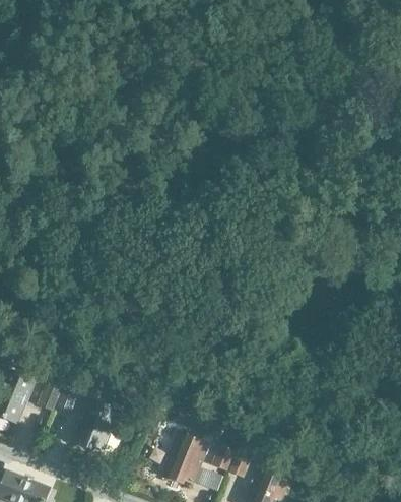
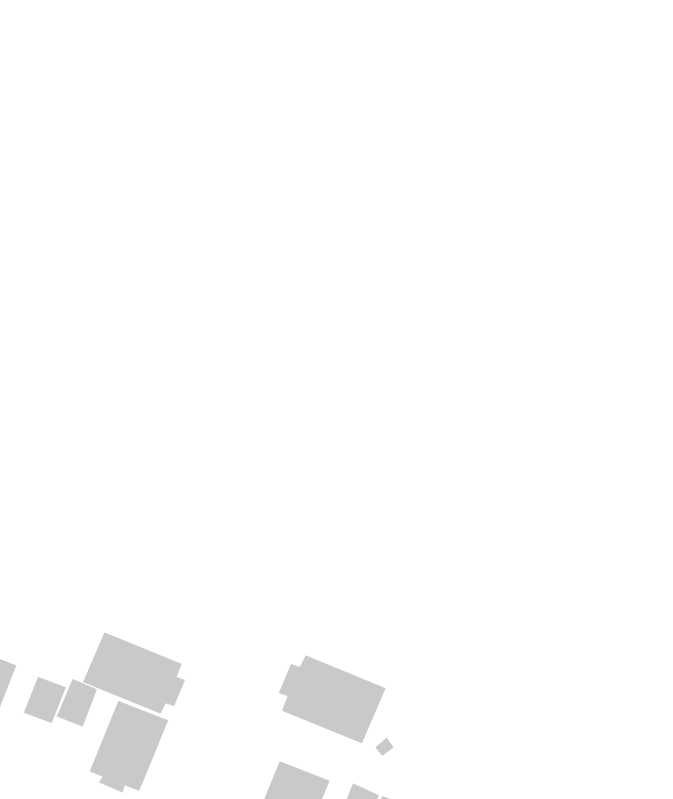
building: none -> [82,631,186,715]
building: none -> [278,654,386,744]

